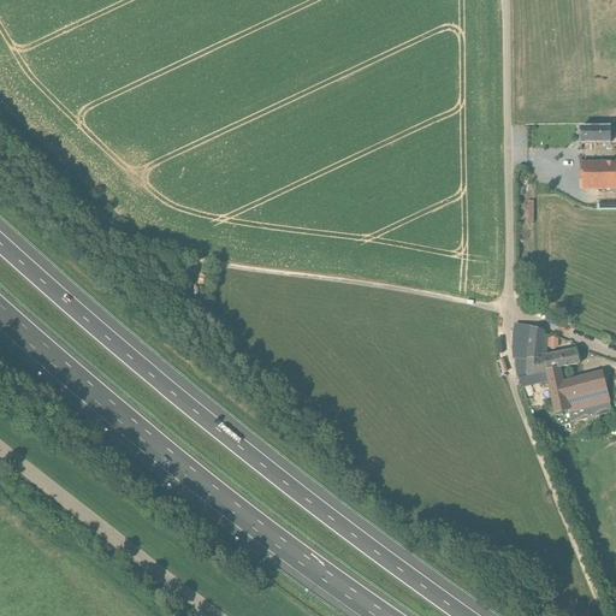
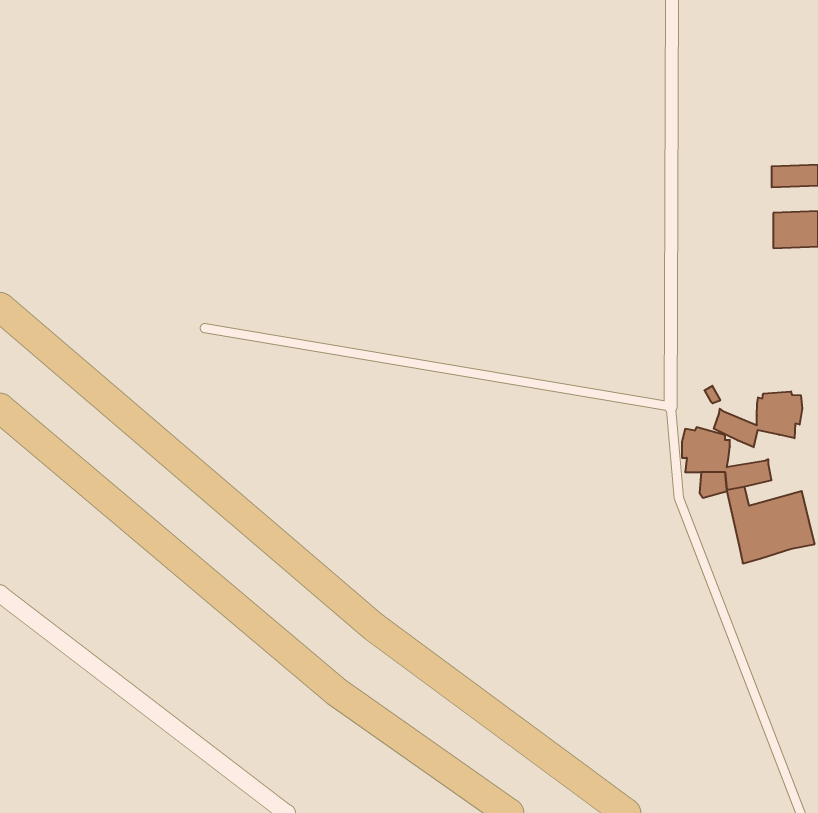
building: none -> [714,391,802,447]

